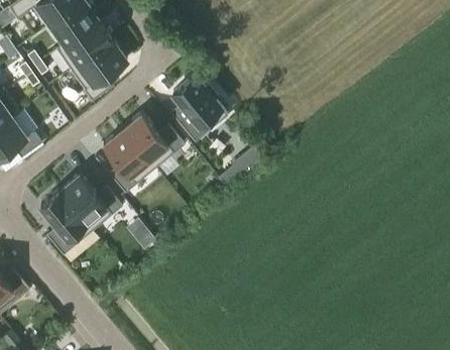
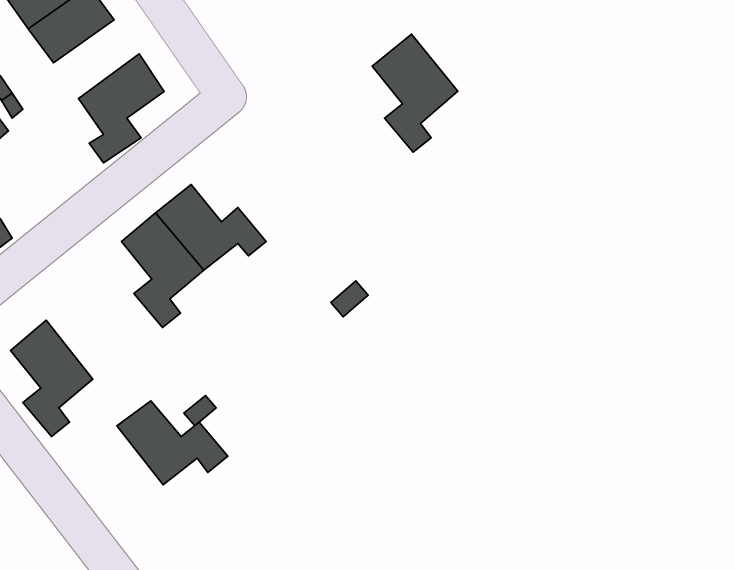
building: [65,21,113,66] -> none
building: [173,77,221,143] -> [372,34,458,152]
building: [61,177,123,224] -> [117,401,228,485]

